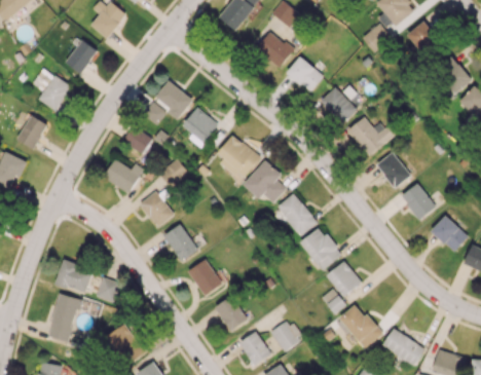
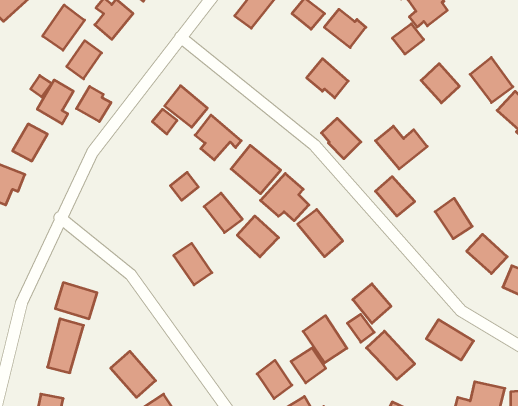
building: none -> [43,5,85,50]
building: [407,21,442,57] -> [421,64,459,103]
building: [255,32,293,67] -> [324,9,366,48]
building: none -> [76,86,111,122]
building: [321,87,357,124] -> [321,118,361,159]
building: [122,126,152,154] -> none
building: [376,152,412,188] -> [375,177,415,216]
building: [104,159,144,193] -> none
building: [140,191,175,227] -> [204,193,242,233]
building: none -> [237,216,279,257]
building: [301,227,341,270] -> [303,316,347,363]
building: [188,259,223,296] -> none
building: [97,277,119,302] -> none
building: [215,296,248,331] -> none
building: [382,329,425,366] -> [426,320,474,360]

